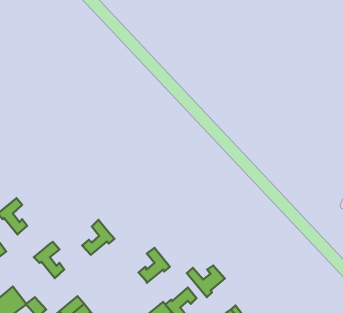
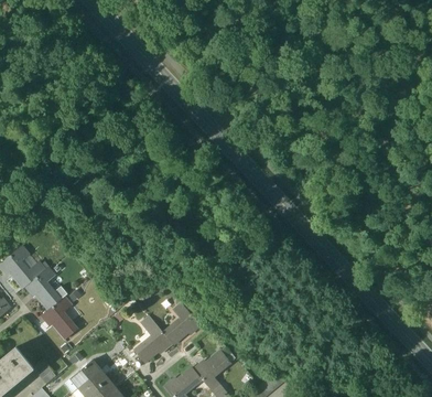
building: none -> [25,268,61,310]
building: [82,220,115,255] -> [134,321,172,362]
building: [187,265,225,297] -> none

